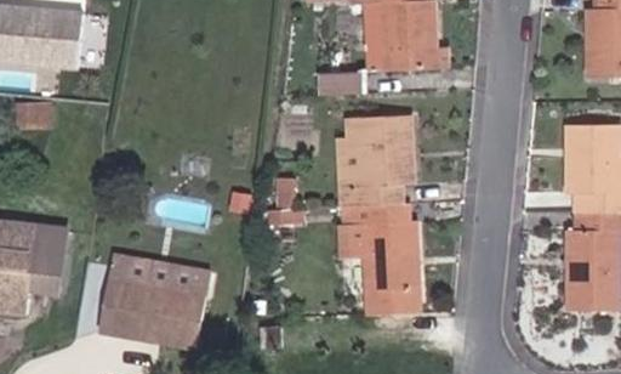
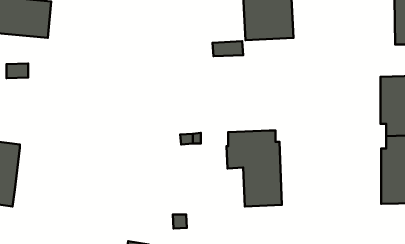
building: [338,114,415,205] -> none
building: [29,228,63,294] -> none
building: [98,250,210,350] -> none

